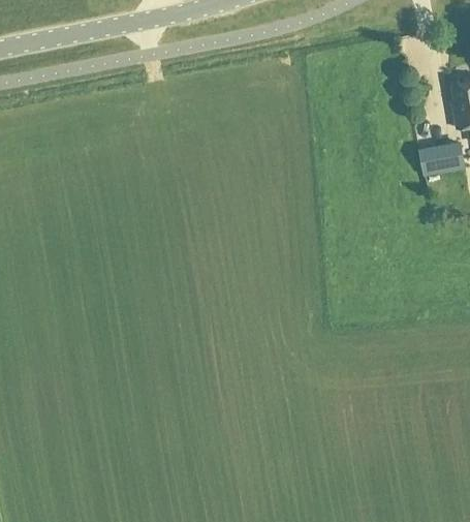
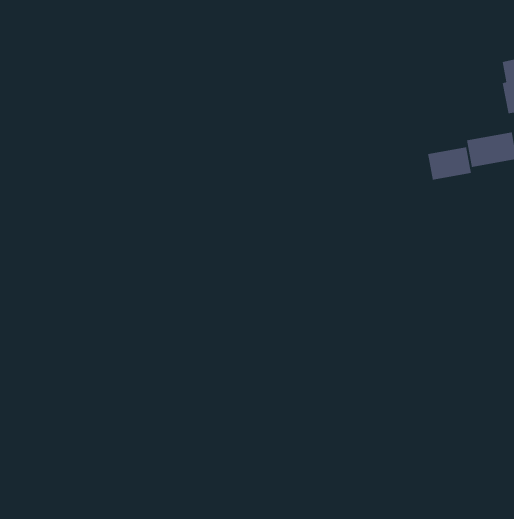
building: none -> [427,146,472,181]

